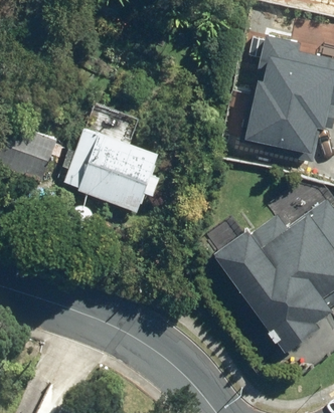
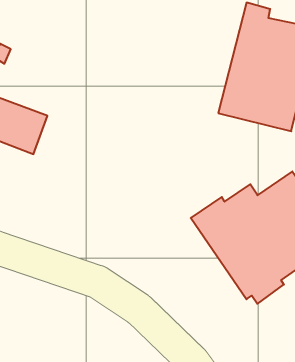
building: [63,130,157,213] -> none

